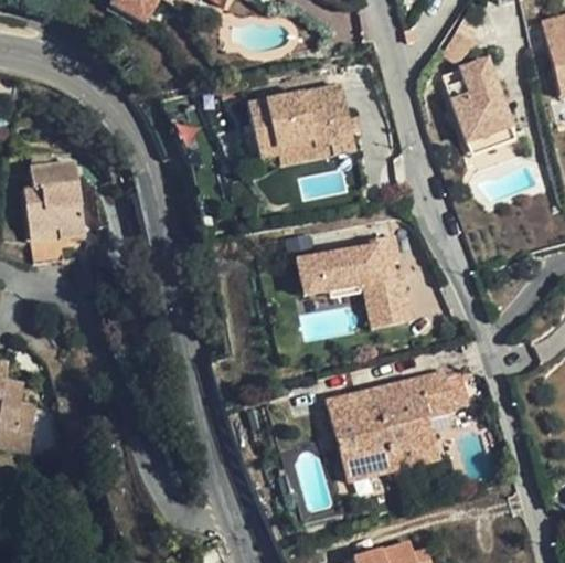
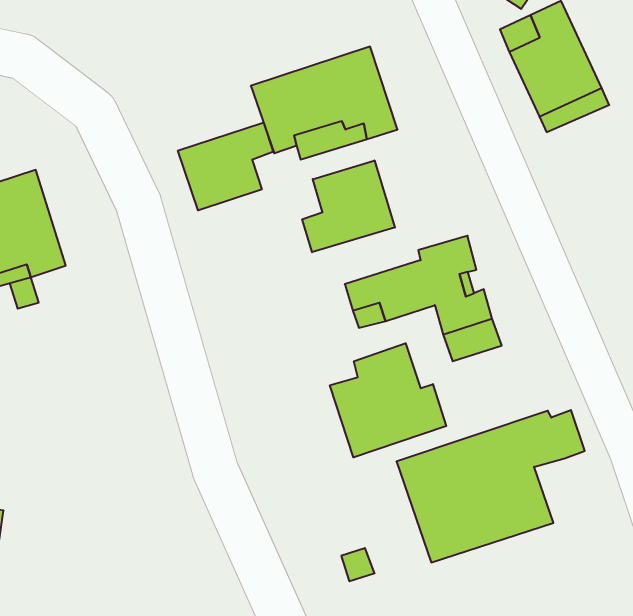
building: none -> [178,122,273,210]
building: none -> [302,160,395,252]
building: none -> [330,343,446,457]

